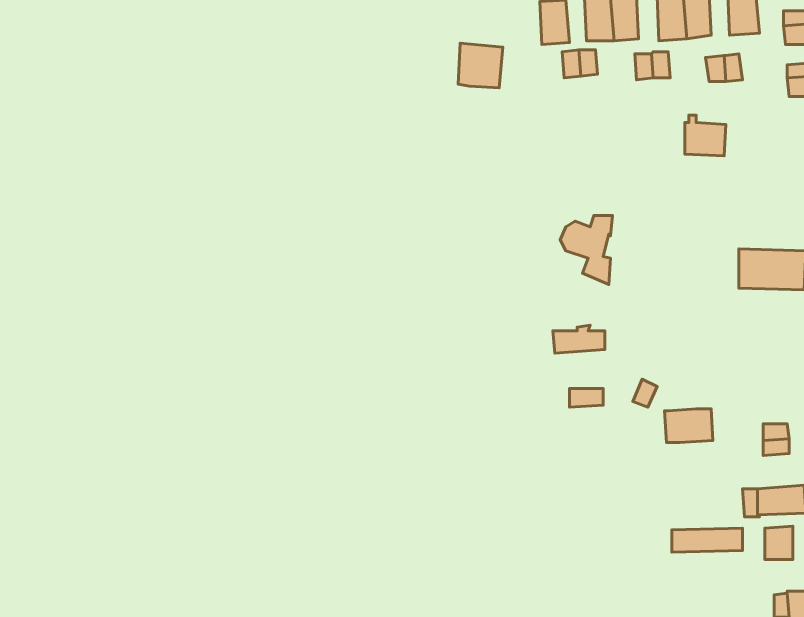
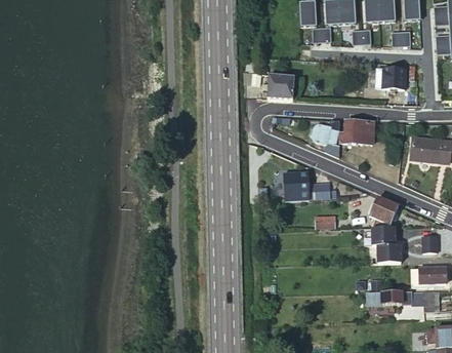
building: [458,43,503,88] -> [268,75,292,100]
building: none -> [339,121,373,144]
building: none -> [282,172,309,202]
building: none -> [367,196,397,228]
building: none -> [377,244,401,263]

